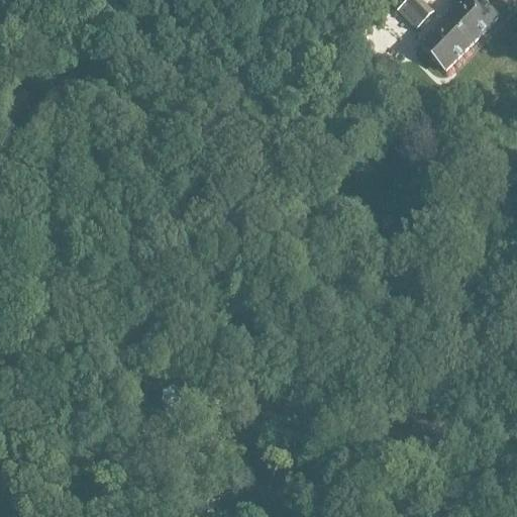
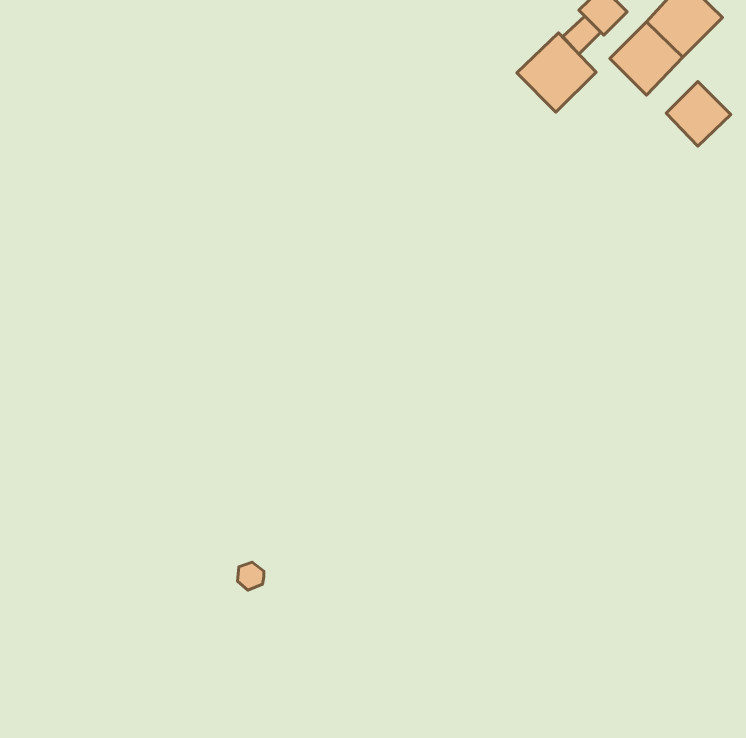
building: none -> [517,33,596,112]
building: none -> [666,82,731,146]

